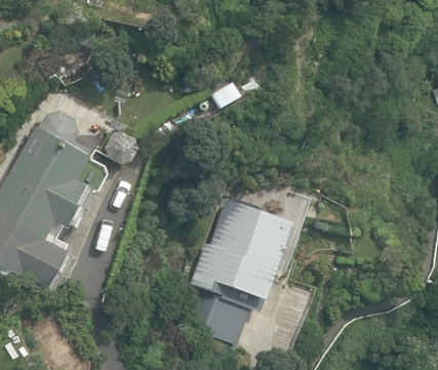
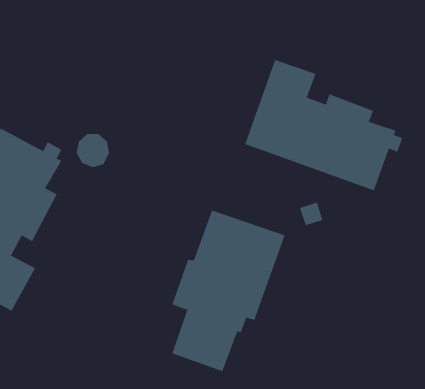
building: none -> [245,59,403,191]

